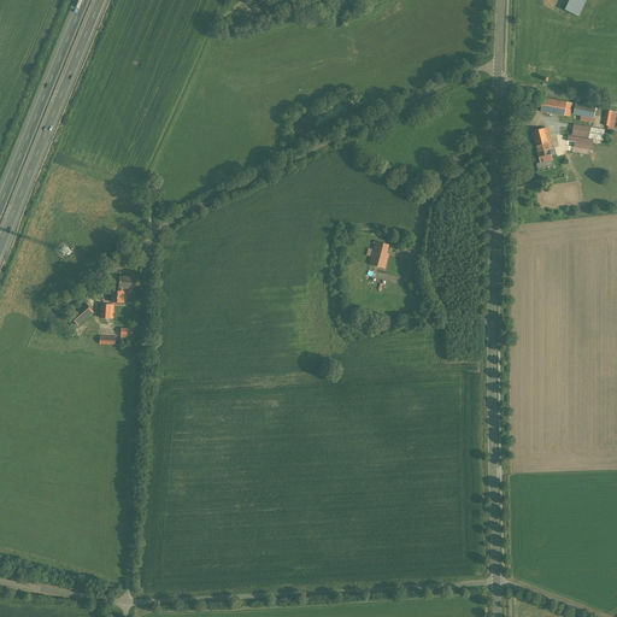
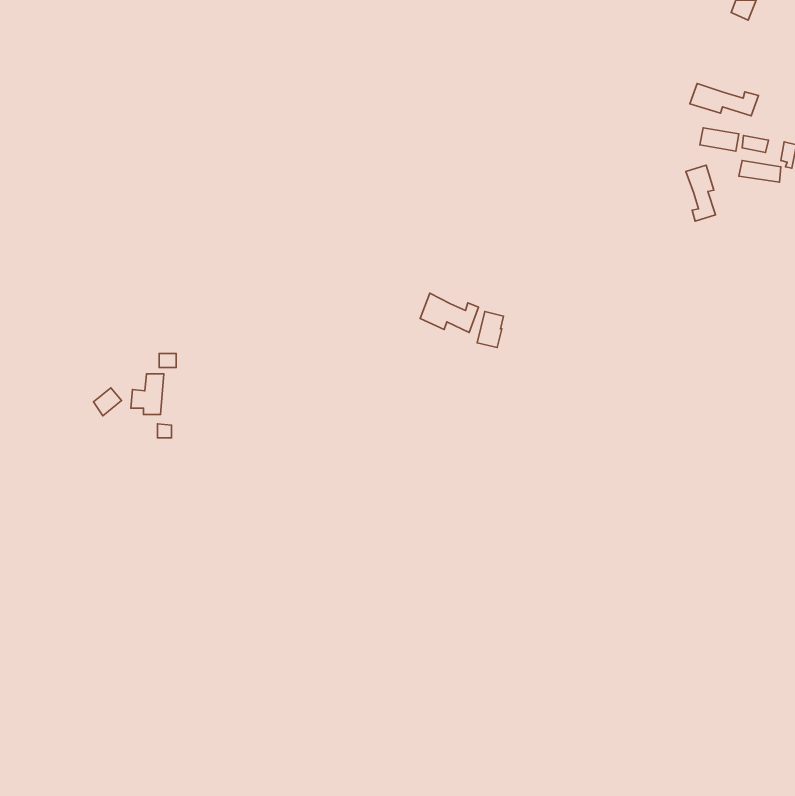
building: none -> [690,83,758,116]
building: none -> [420,293,478,333]

